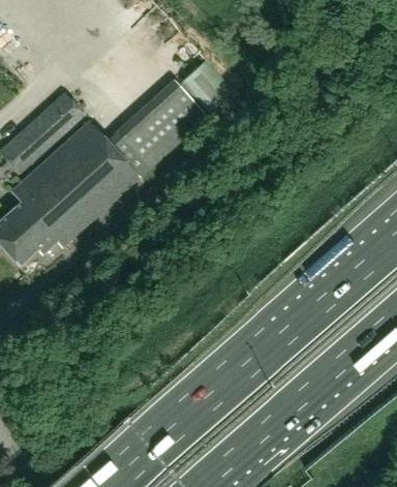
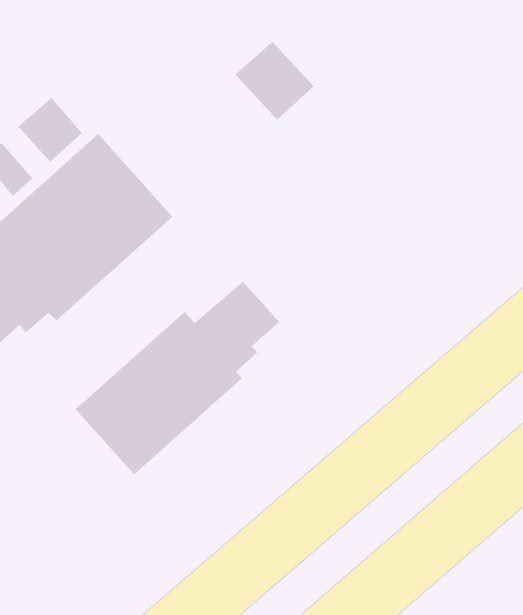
building: [106,79,209,177] -> none
building: none -> [75,281,280,475]

